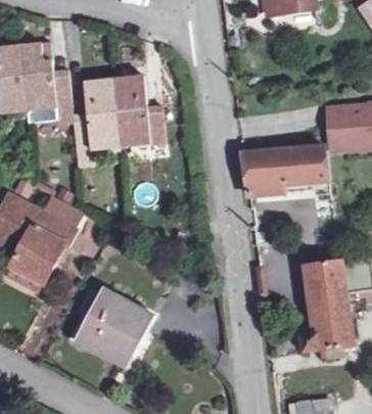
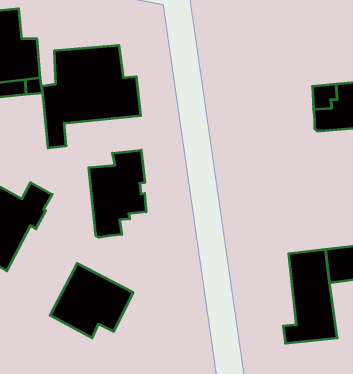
building: [239,150,329,191] -> none
building: none -> [89,150,146,237]

